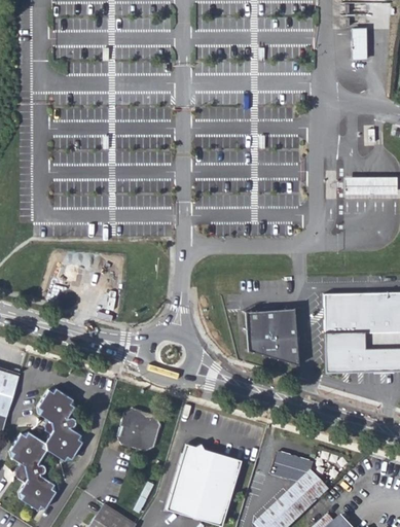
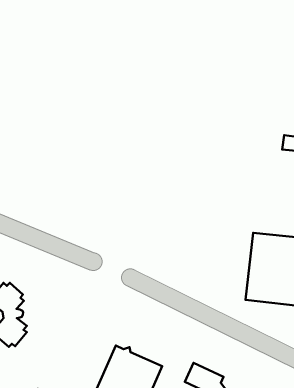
building: [245,308,297,363] -> none
building: [116,407,159,451] -> none

